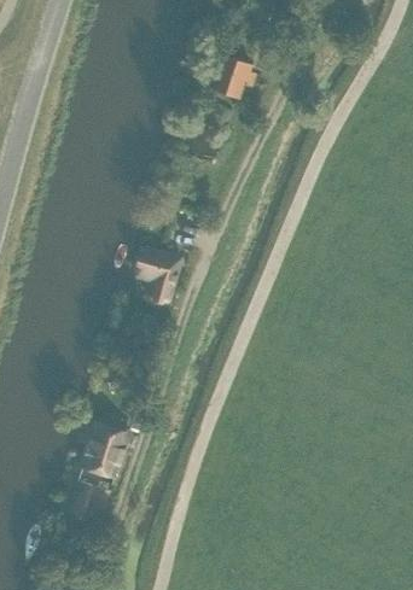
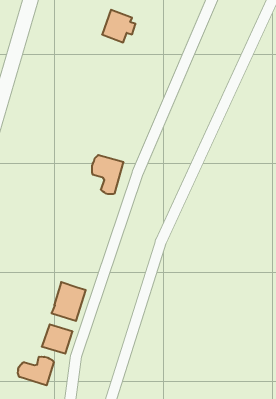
building: [211,54,257,99] -> [102,10,136,42]
building: none -> [18,357,54,385]

